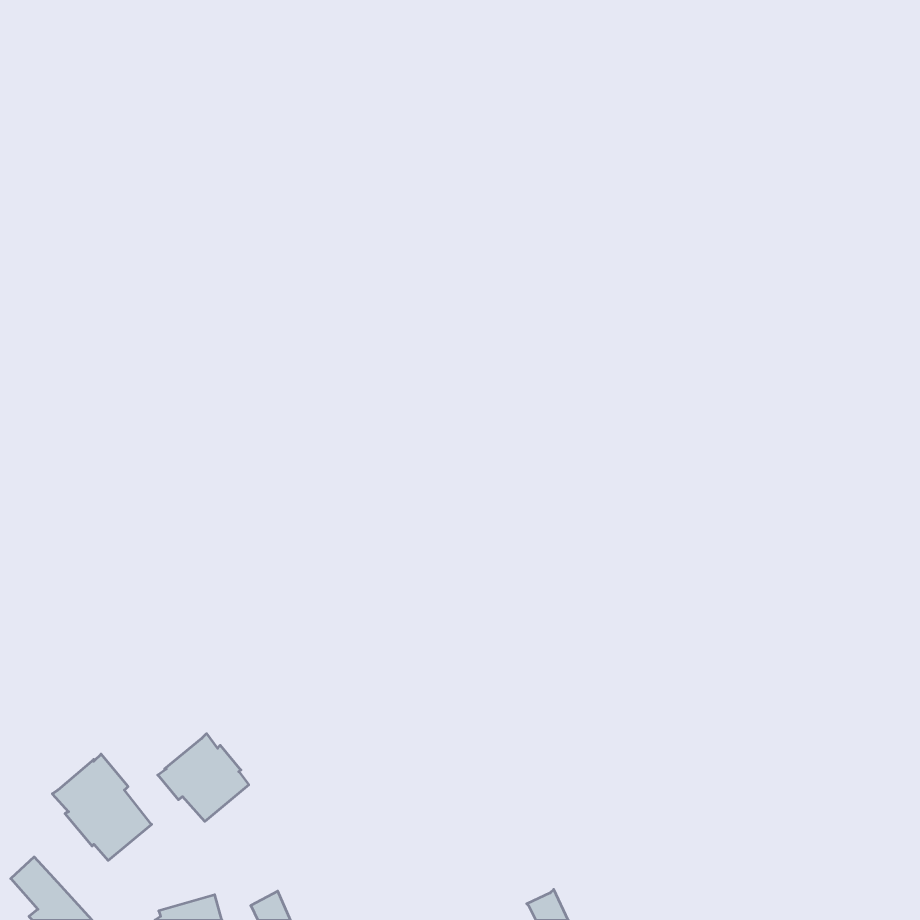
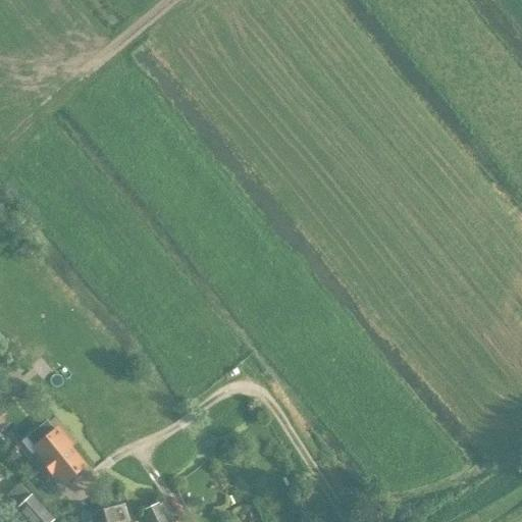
building: [158,734,249,821] -> none

